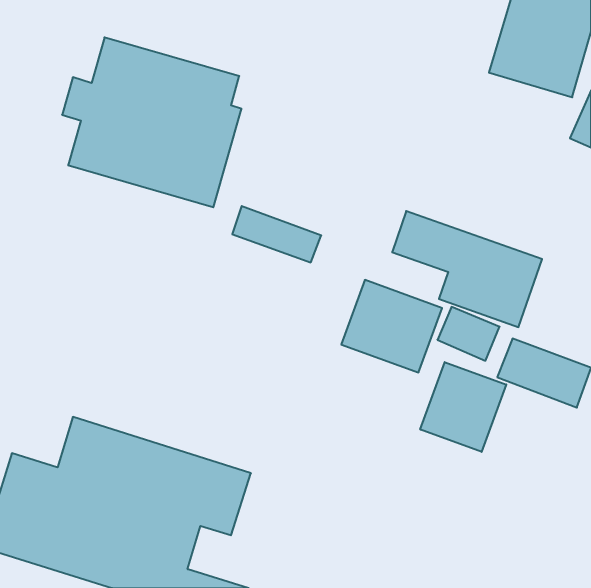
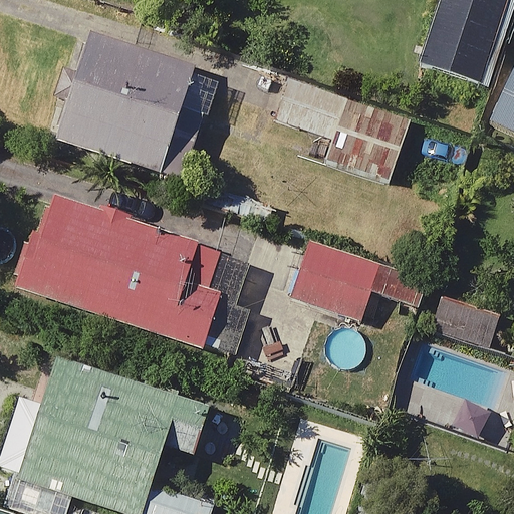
building: [392,211,542,327] -> [280,80,409,180]
building: none -> [13,198,230,351]
building: [420,362,506,452] -> none

